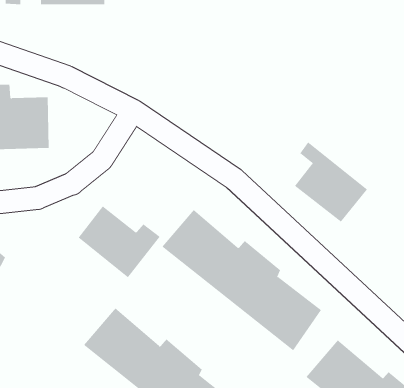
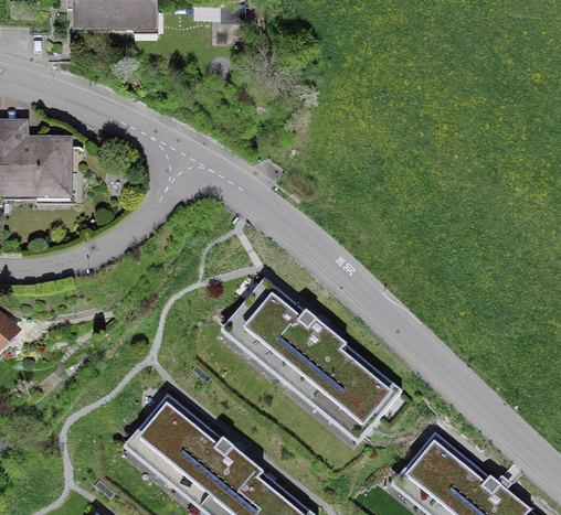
building: [294,142,368,223] -> none
building: [78,205,161,278] -> none

